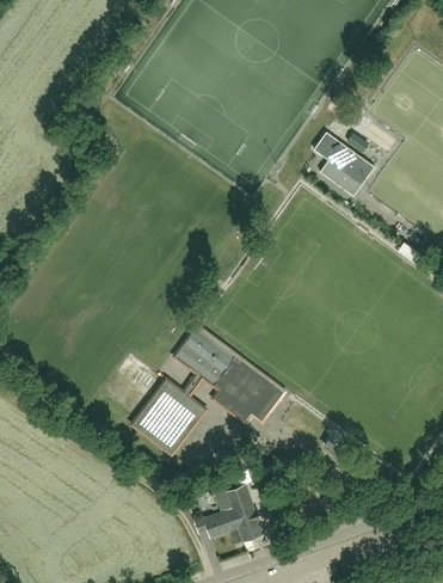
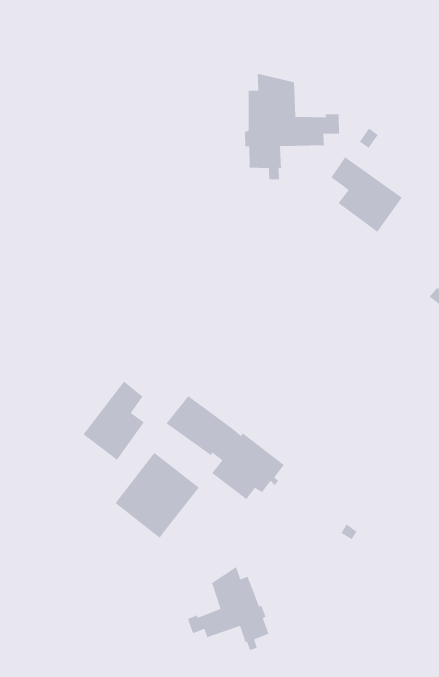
building: none -> [244,73,340,180]
building: none -> [82,380,145,461]

